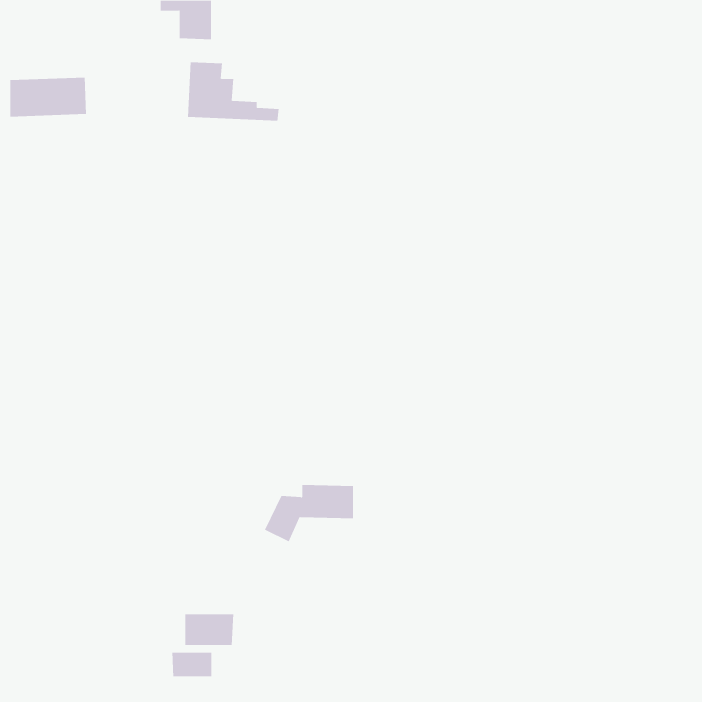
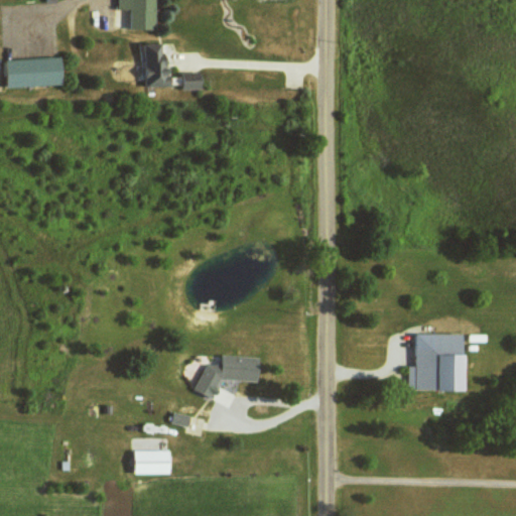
building: none -> [408,334,466,390]
building: [172,652,212,677] -> none

